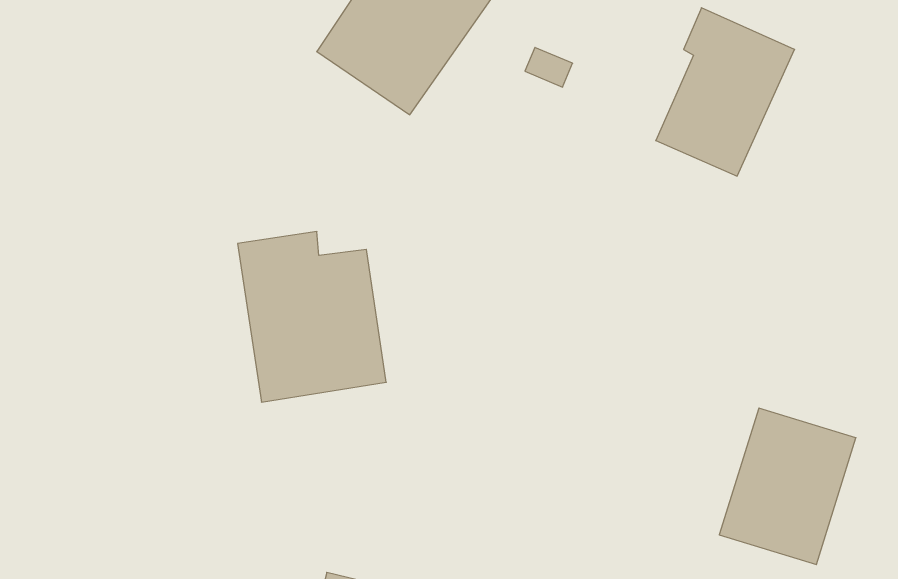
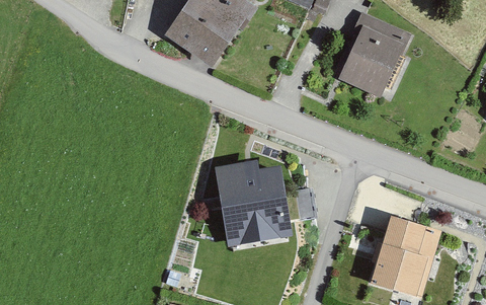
building: [238,232,386,402] -> [216,158,292,245]

